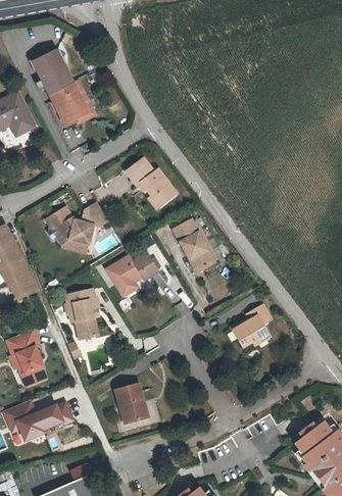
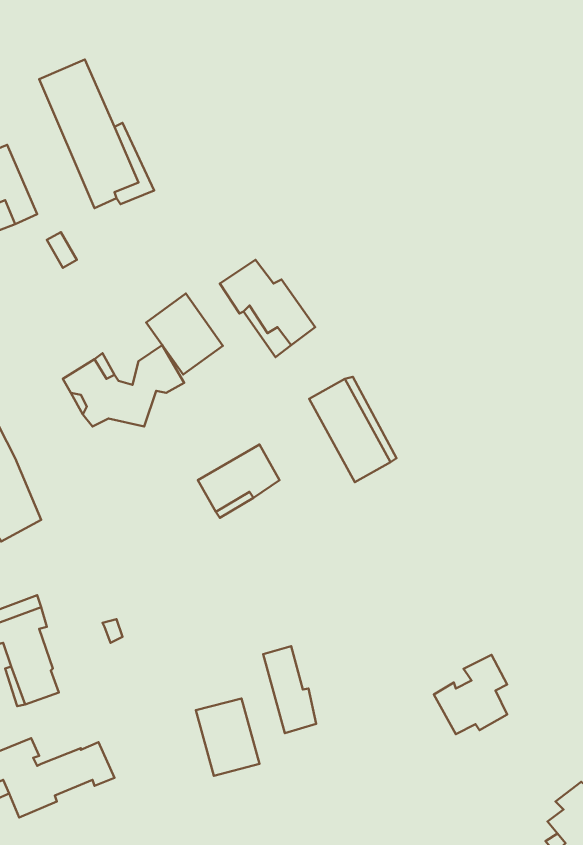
building: none -> [146,294,223,375]
building: [63,287,99,337] -> none
building: [231,305,268,346] -> [434,655,507,734]
building: none -> [263,646,316,733]

